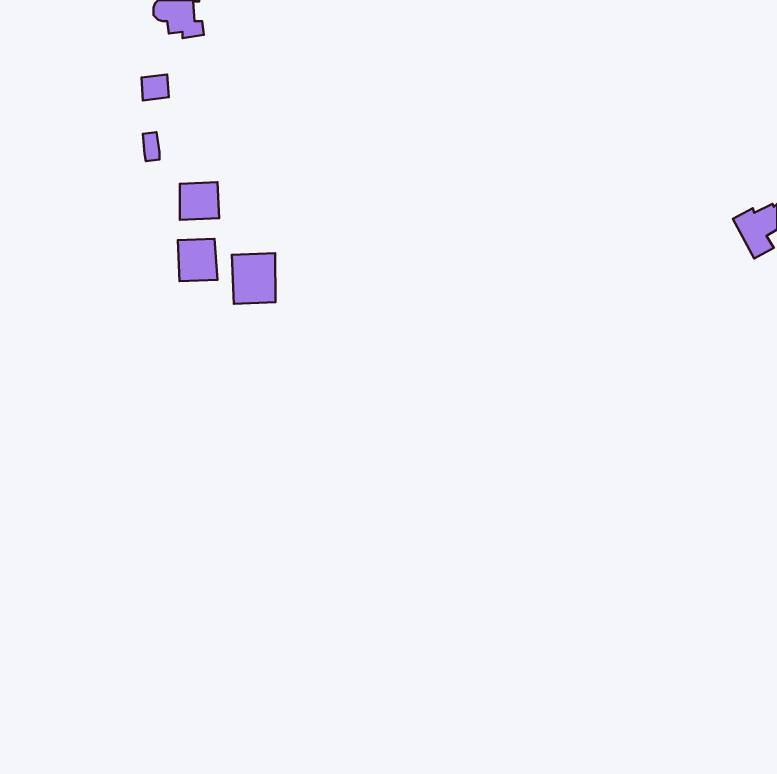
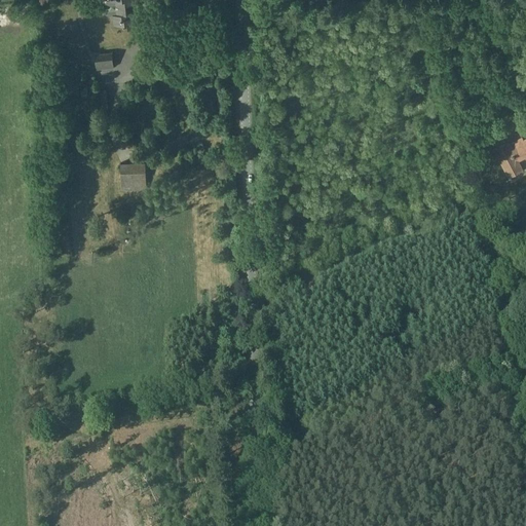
building: [180,182,219,220] -> none
building: [232,253,275,304] -> none

